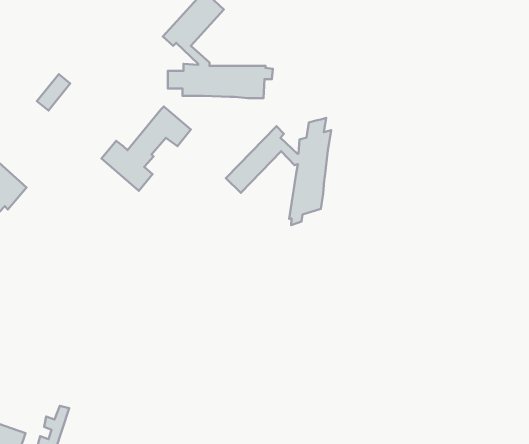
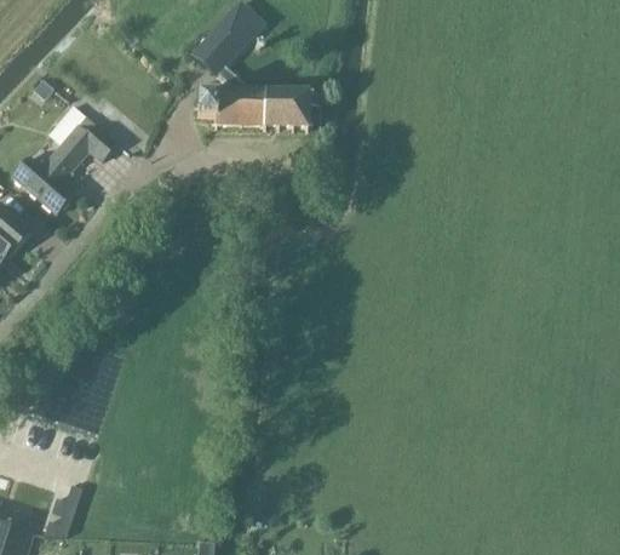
building: [101,106,191,191] -> [12,116,116,214]
building: [226,118,331,225] -> none

